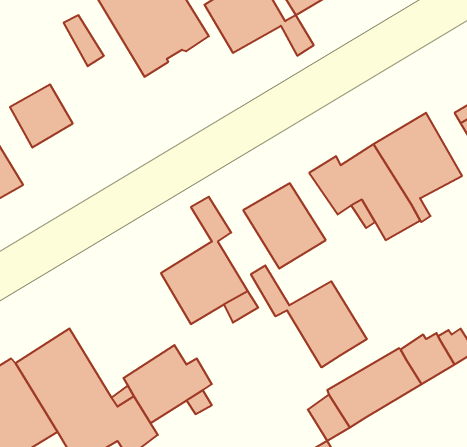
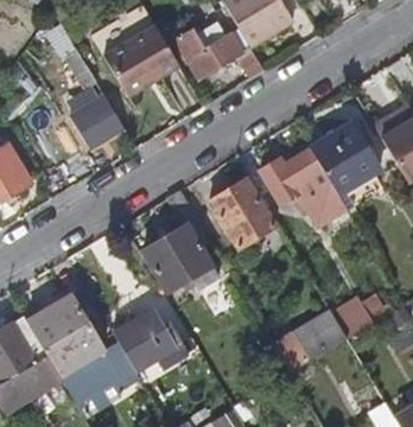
building: [10,85,73,148] -> [74,95,123,145]
building: [251,265,367,367] -> none

